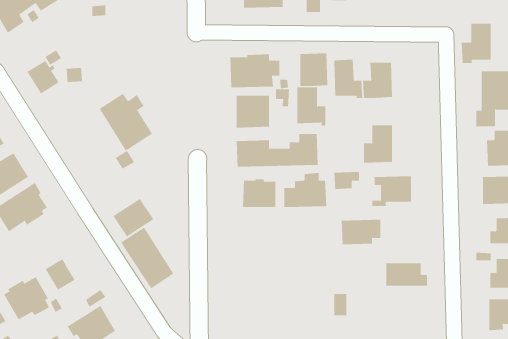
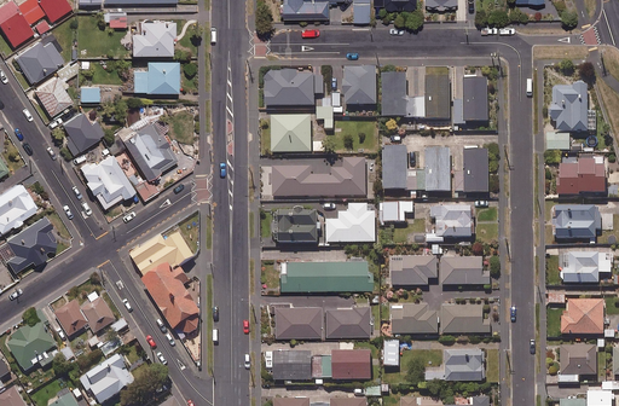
building: none -> [129,19,173,52]
building: [461,23,492,63] -> [453,79,488,124]
building: none -> [13,40,63,80]
building: none -> [132,59,178,91]
building: [297,87,326,126] -> [383,147,417,192]
building: none -> [59,110,103,156]
building: none -> [455,150,490,192]
building: none -> [79,152,134,209]
building: none -> [442,256,491,284]
building: none -> [279,260,371,289]
building: none -> [80,291,116,334]
building: none -> [393,304,438,334]
building: none -> [273,306,319,335]
building: none -> [324,306,369,335]
building: none -> [274,350,371,379]
building: none -> [426,350,484,382]

